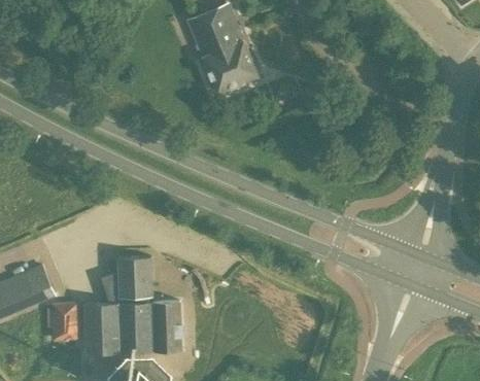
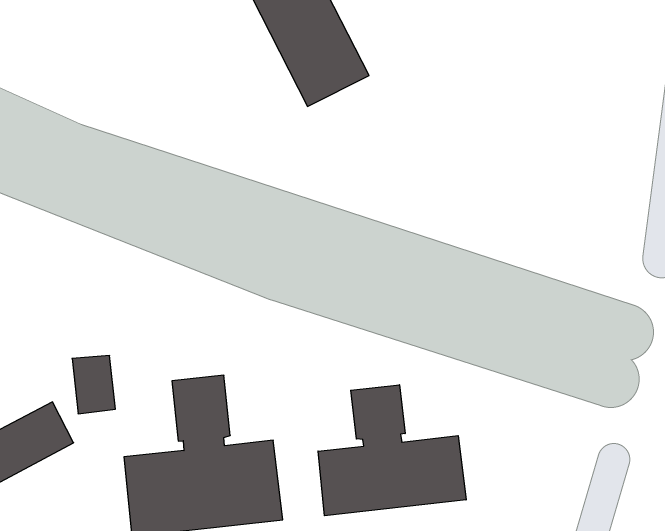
building: none -> [318,385,466,516]
building: [50,307,75,342] -> [72,356,115,414]

